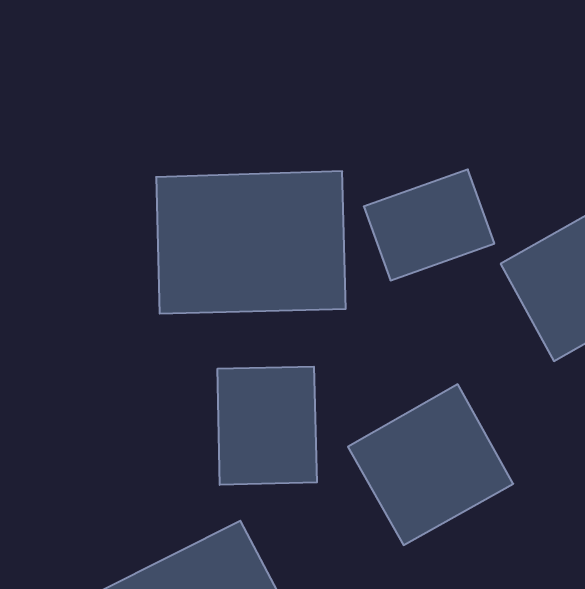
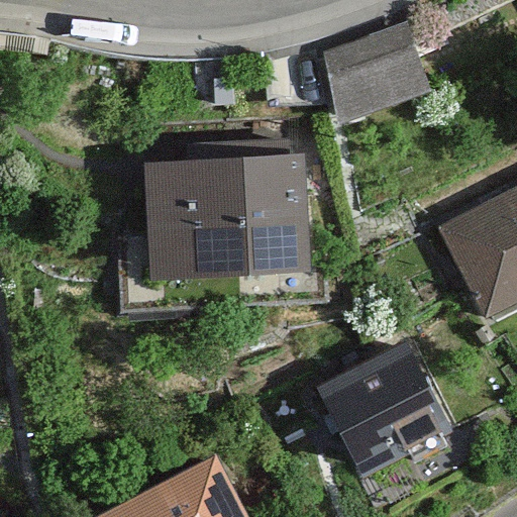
building: [364,169,494,280] -> [319,29,433,126]
building: [218,367,317,485] -> none

